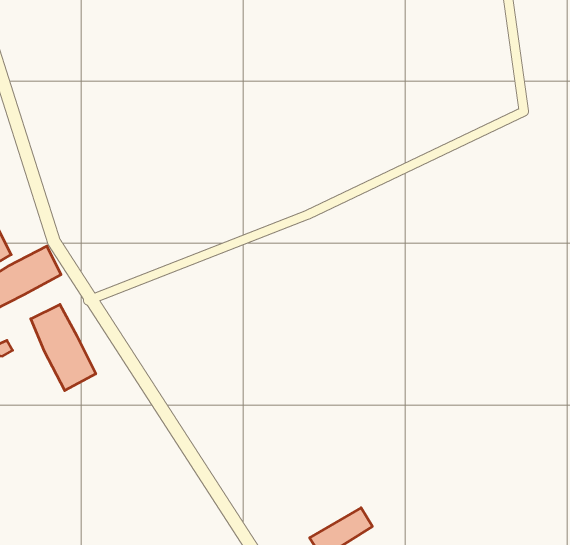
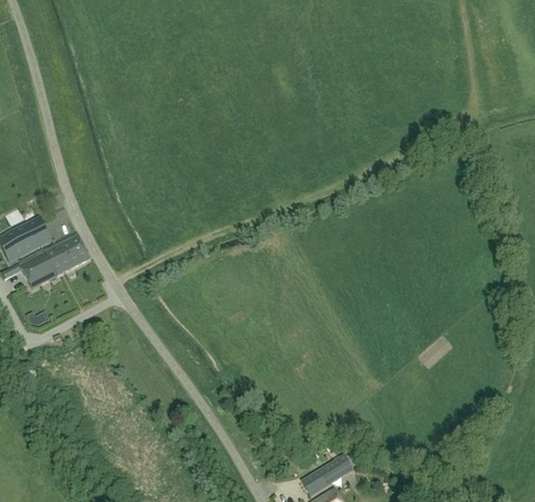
building: [31,304,96,391] -> none

